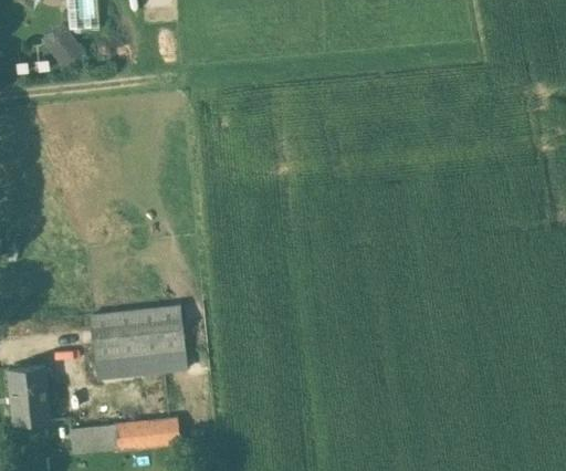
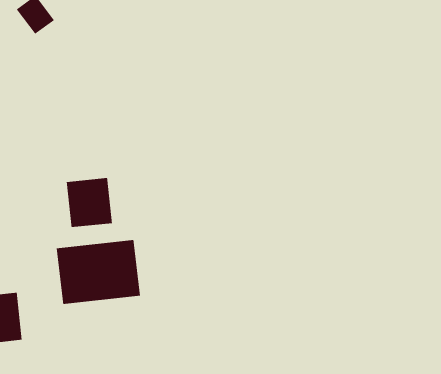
building: none -> [66,177,112,228]
building: [67,418,179,456] -> none

